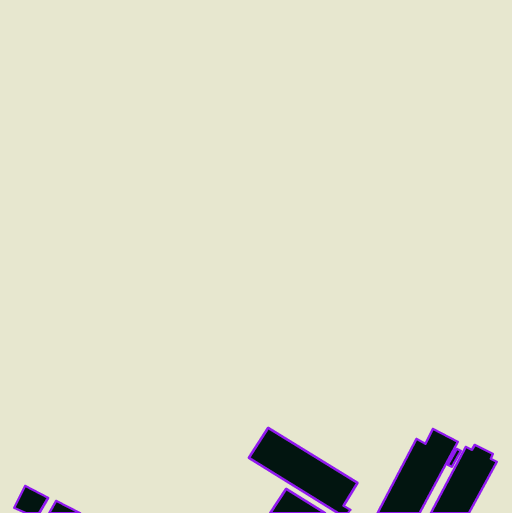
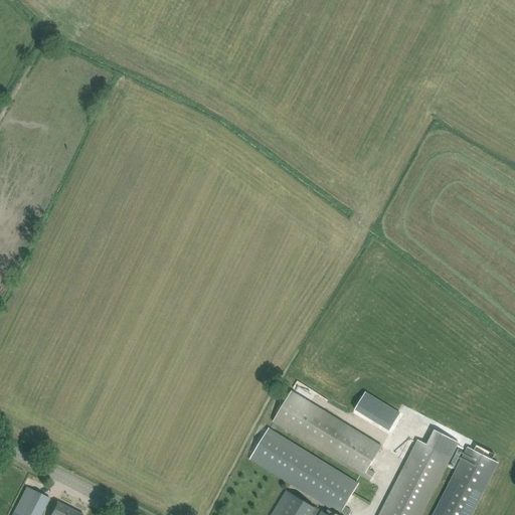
building: none -> [273,390,382,482]
building: none -> [354,392,399,431]

